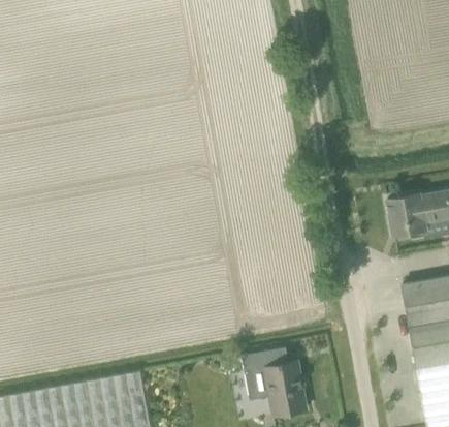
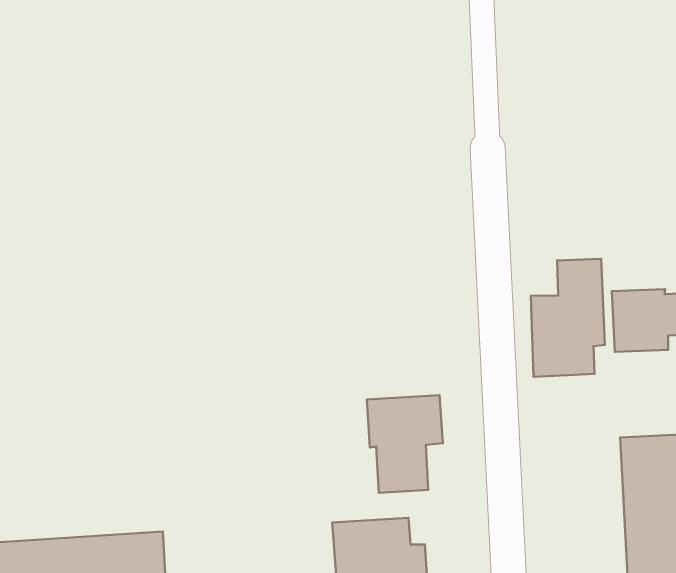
building: none -> [531,259,605,377]
building: none -> [367,395,443,493]

